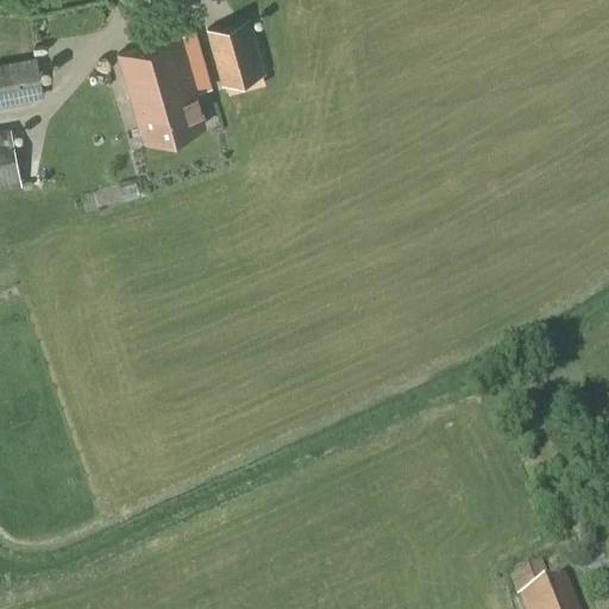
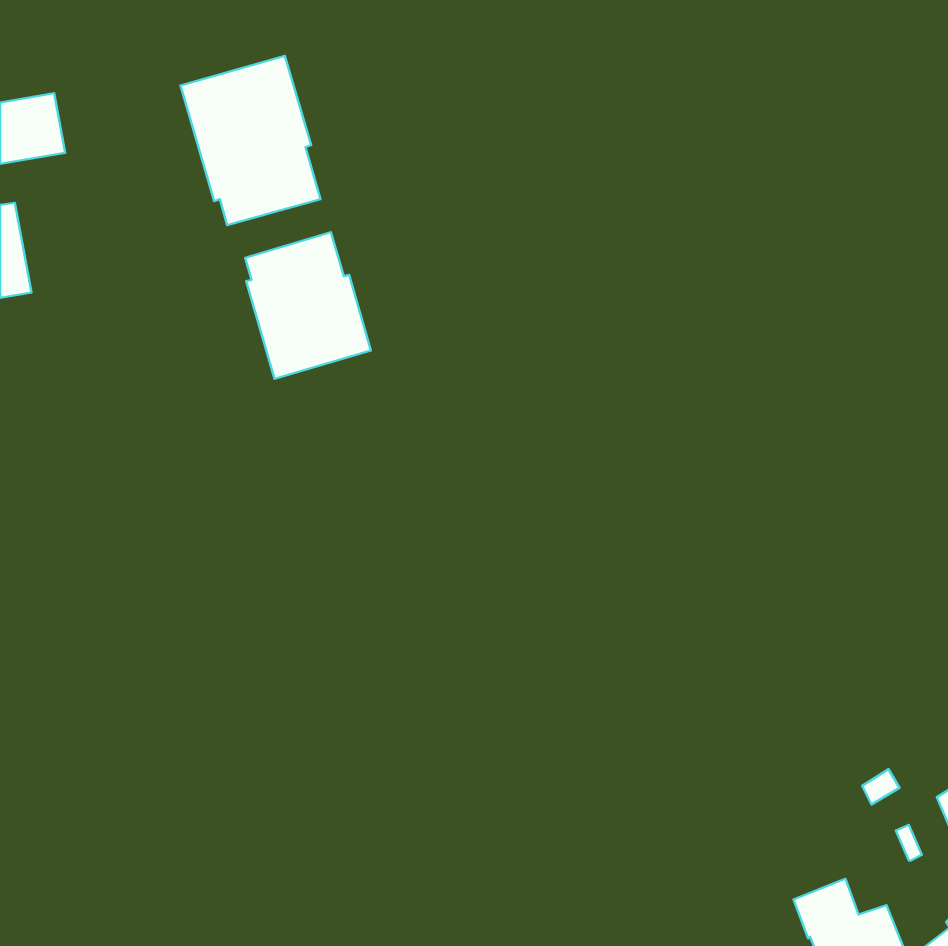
building: [207,21,268,90] -> none
building: none -> [245,232,371,379]

